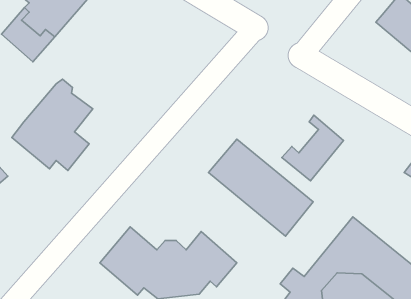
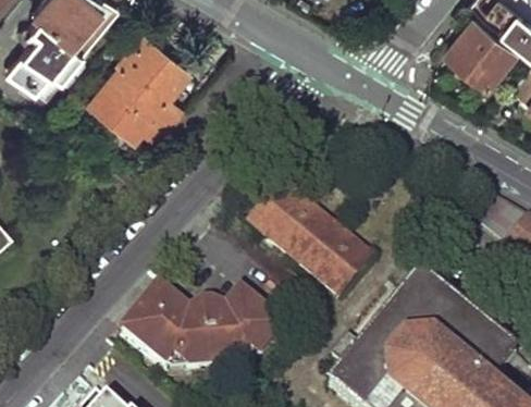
building: [12,79,93,171] -> [91,35,187,143]
building: [282,115,344,181] -> none

